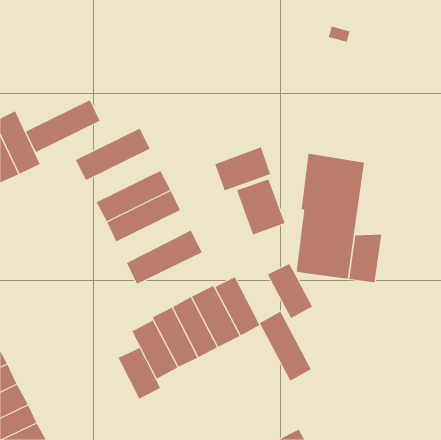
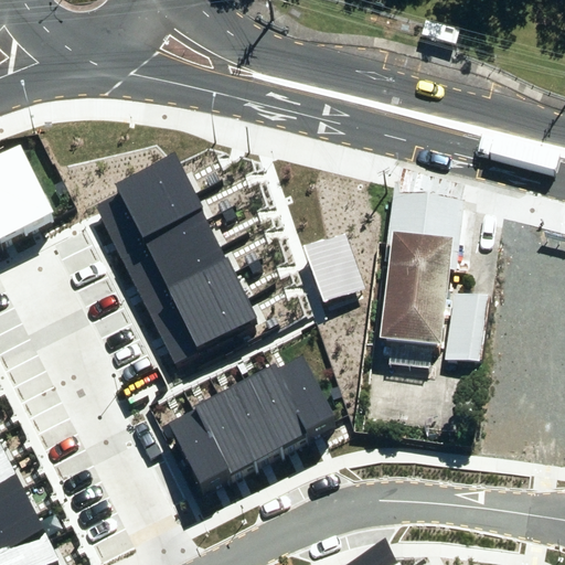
building: [25,99,100,153] -> [109,190,205,258]
building: [215,147,271,191] -> none
building: none -> [148,268,244,335]
building: [267,263,313,319] -> none
building: [259,311,312,382] -> none
building: [118,347,161,400] -> none

